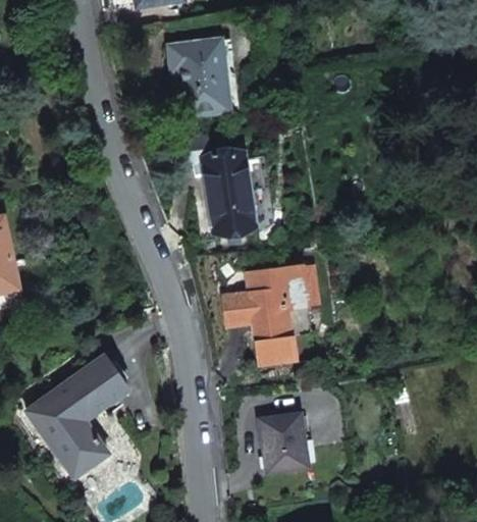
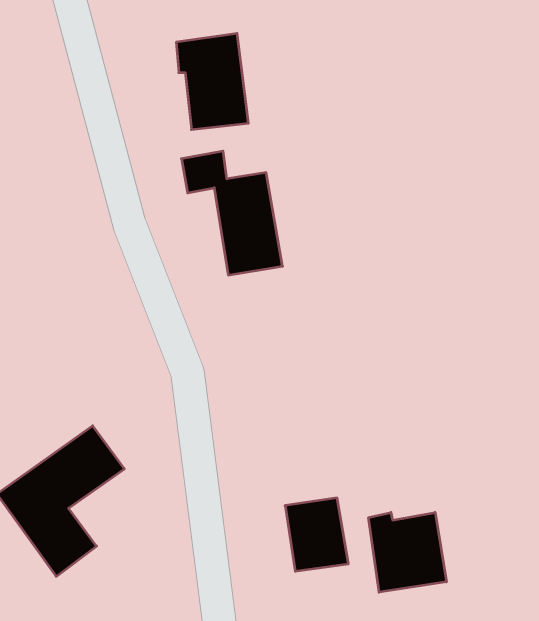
building: [224,264,312,363] -> none
building: none -> [369,512,446,592]

